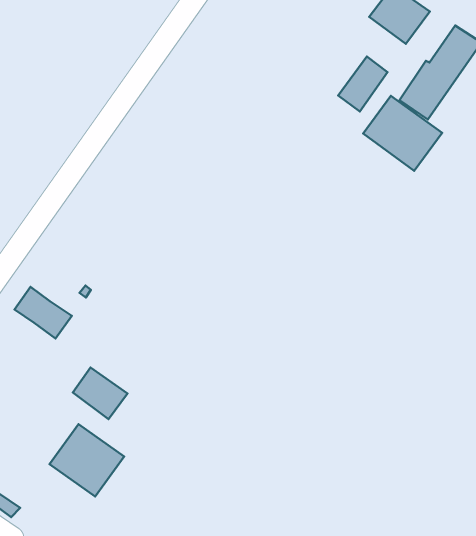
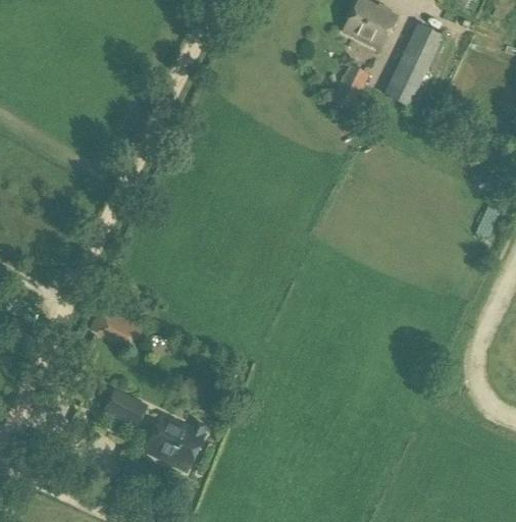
building: [363,96,442,171] -> none
building: [73,367,128,419] -> [102,387,148,428]

